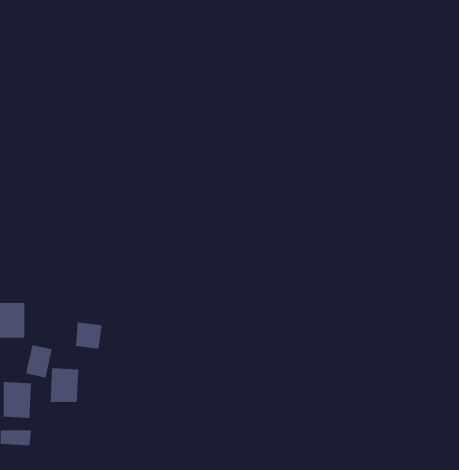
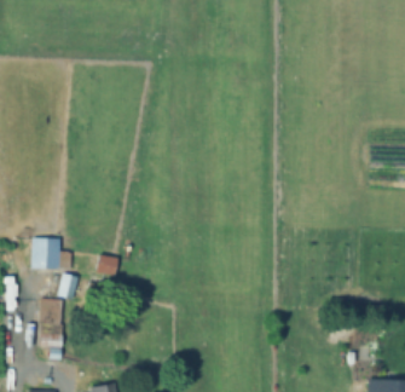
building: [50,368,79,403] -> none

